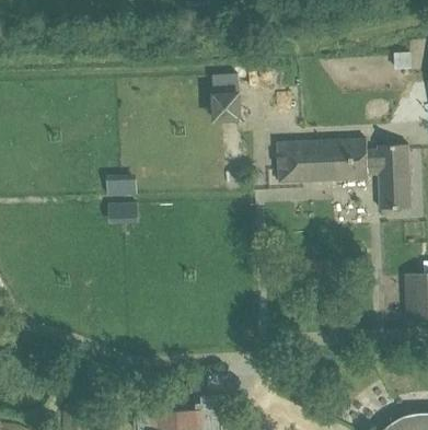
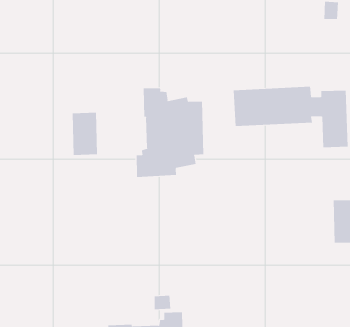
building: [215,73,241,119] -> none
building: none -> [136,87,204,178]

